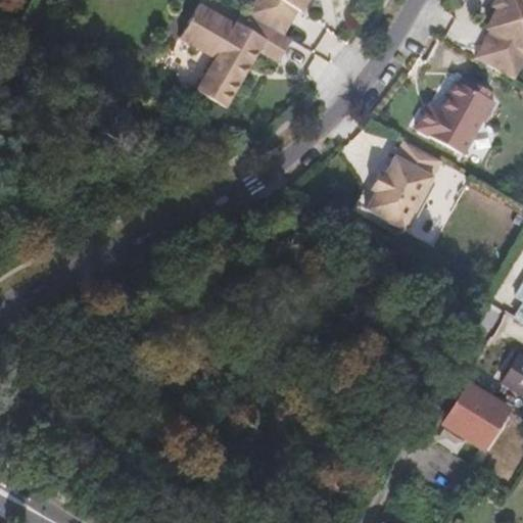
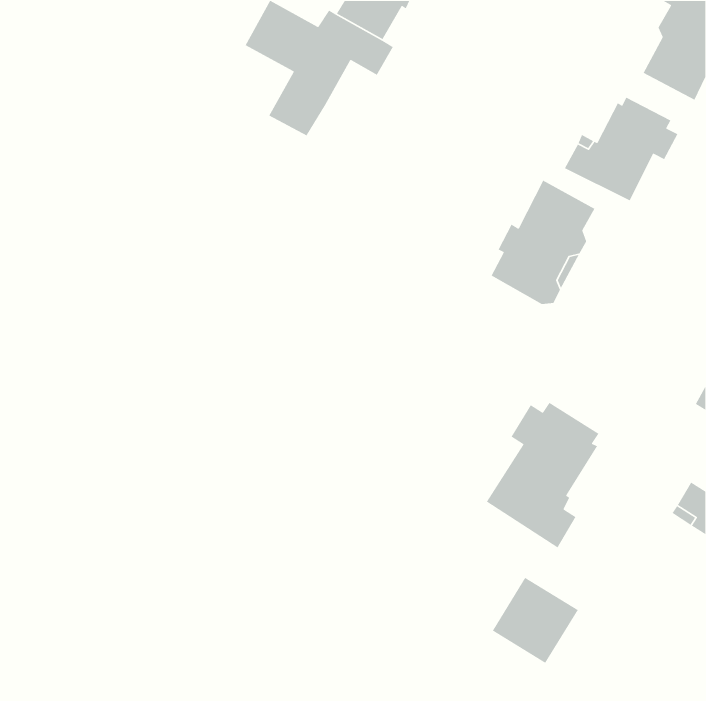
building: none -> [486,402,599,549]
building: [443,385,508,449] -> [492,577,579,664]

